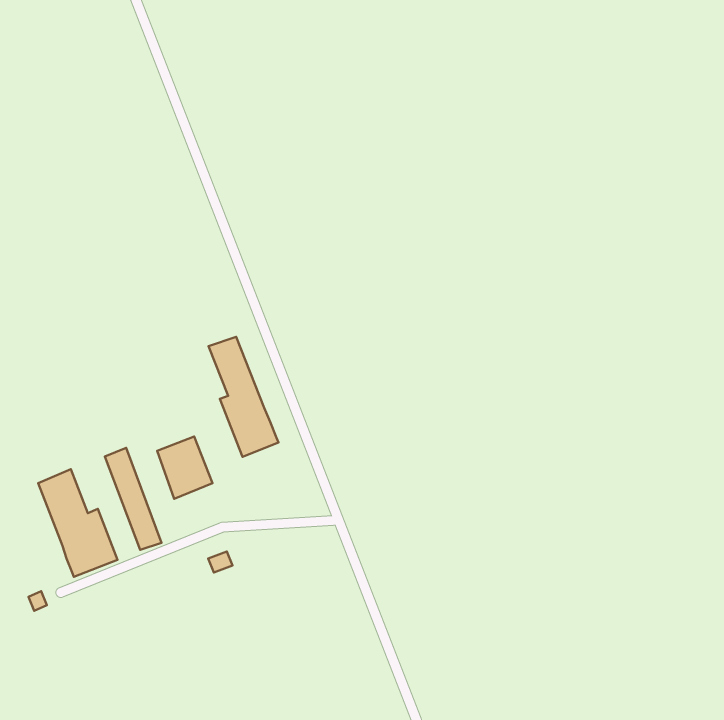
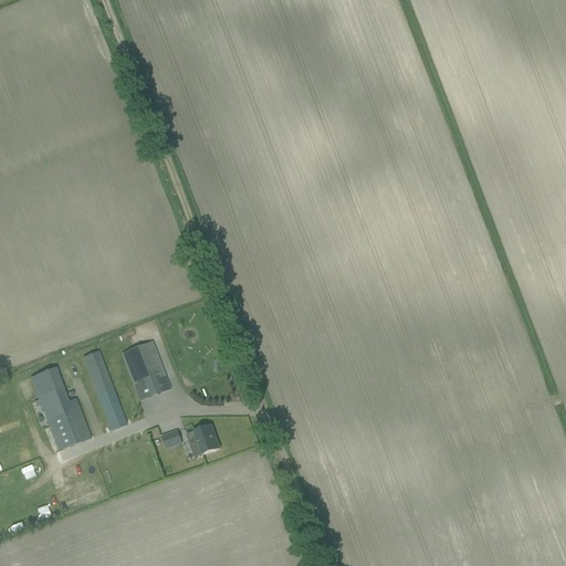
building: [208,337,278,457] -> none
building: none -> [188,424,219,455]

